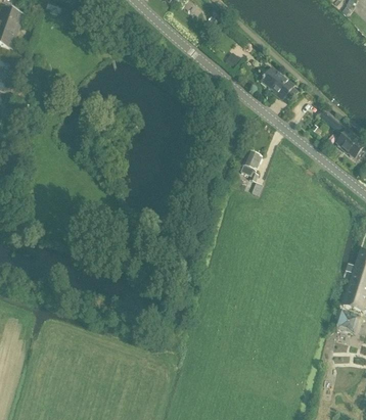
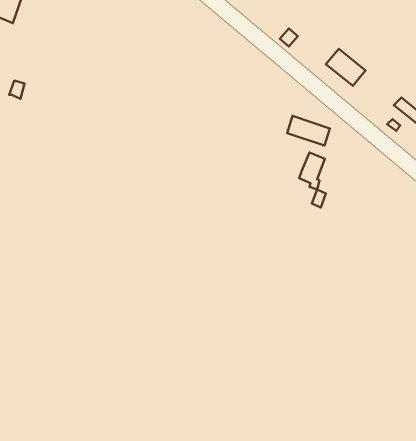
building: none -> [287,116,330,146]

